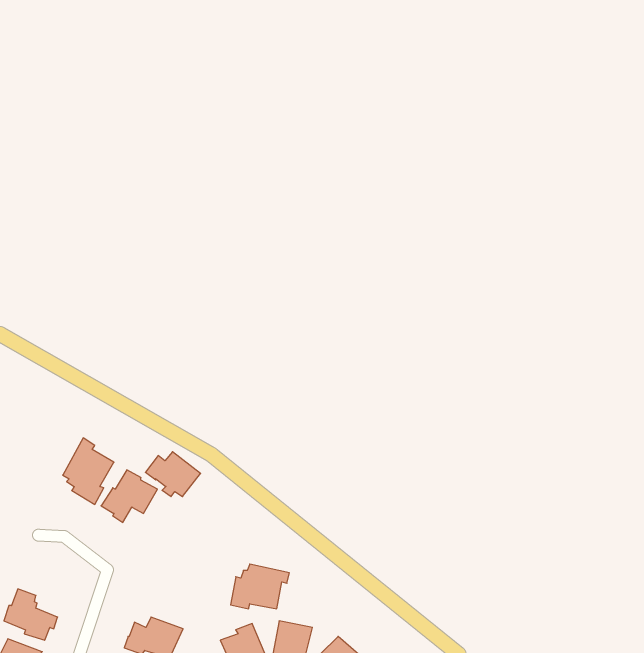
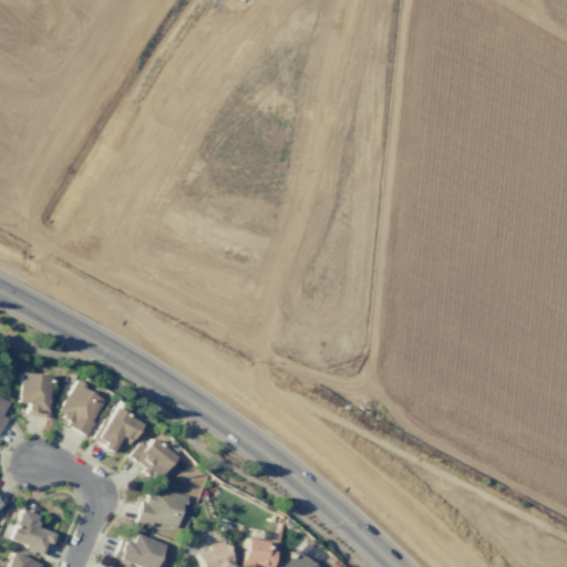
building: none -> [22,373,54,419]
building: [145,452,201,497] -> [132,439,179,477]
building: [231,564,289,609] -> [141,488,192,527]

